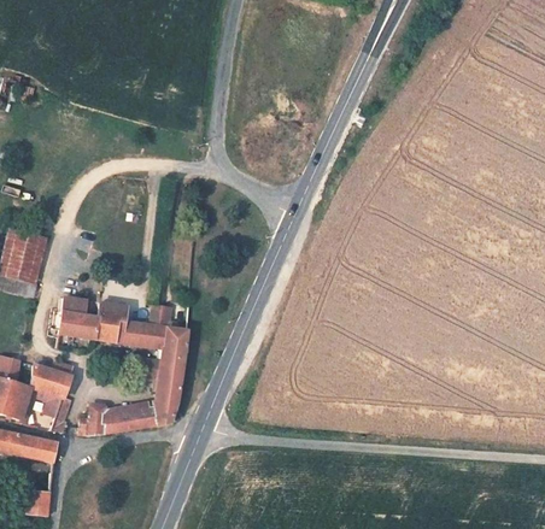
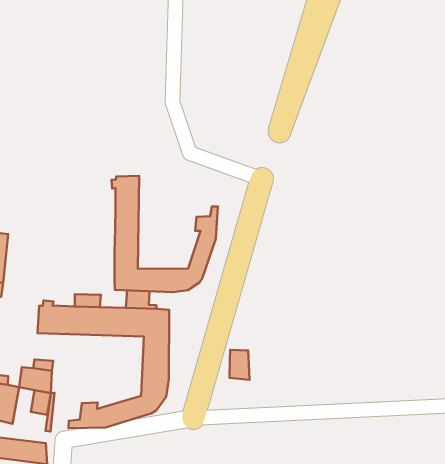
building: none -> [111,176,218,292]
building: none -> [230,350,249,380]

